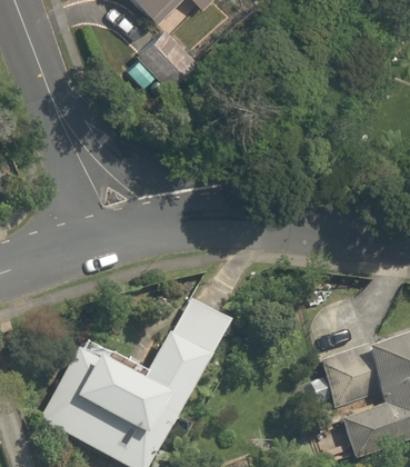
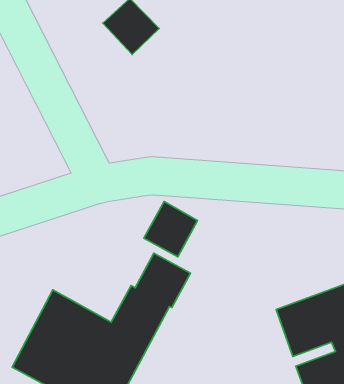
building: none -> [144,201,198,257]

